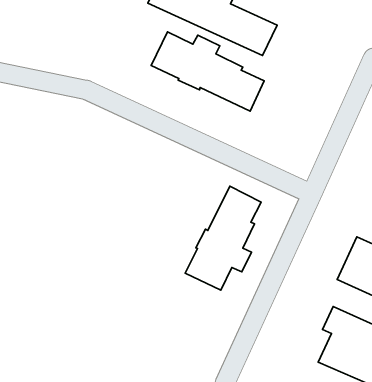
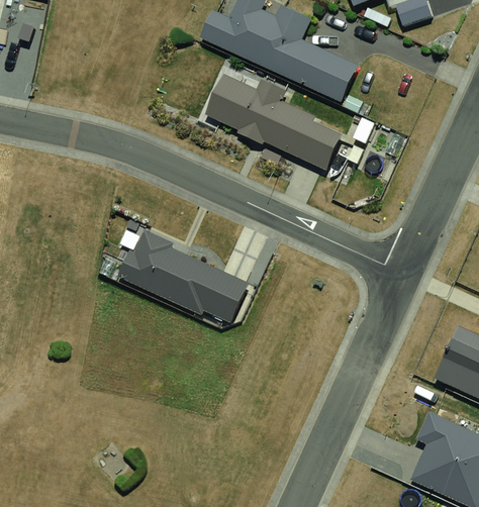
building: none -> [117,229,250,323]
building: [185,186,261,290] -> none

